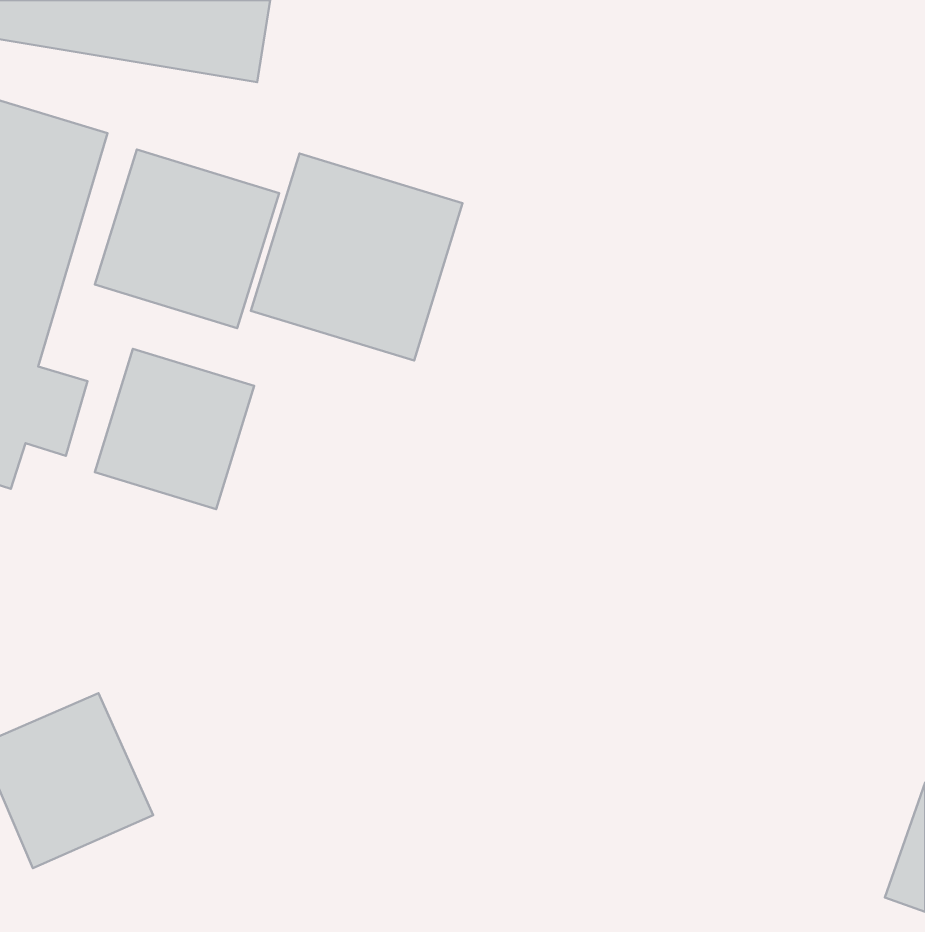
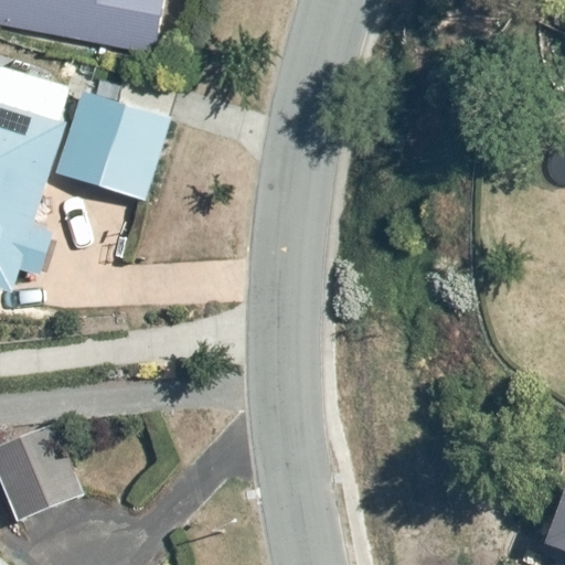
building: [251,153,462,360] -> none
building: [95,349,254,509] -> none

